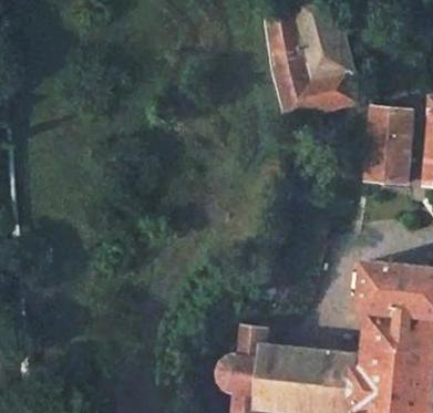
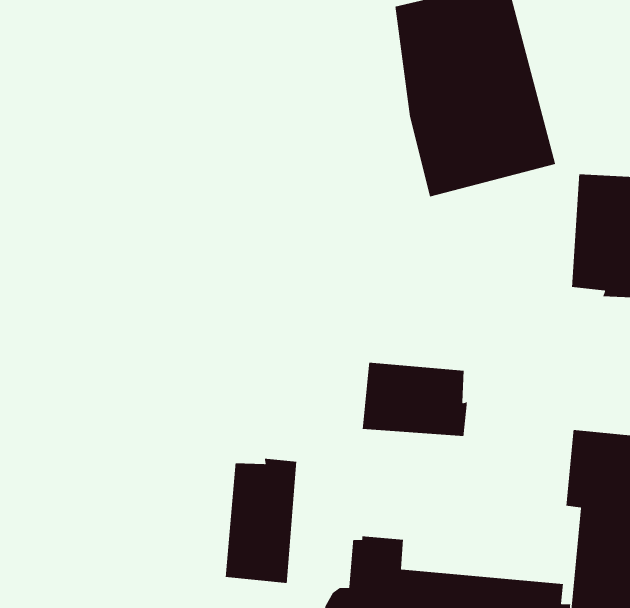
building: none -> [362,362,468,437]
building: none -> [225,458,297,584]

